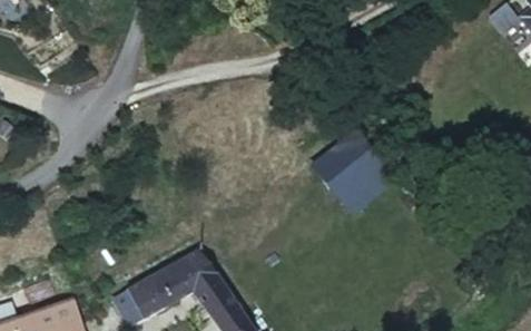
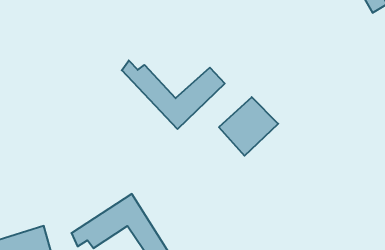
building: none -> [122,60,225,129]

